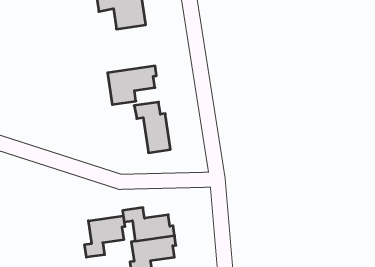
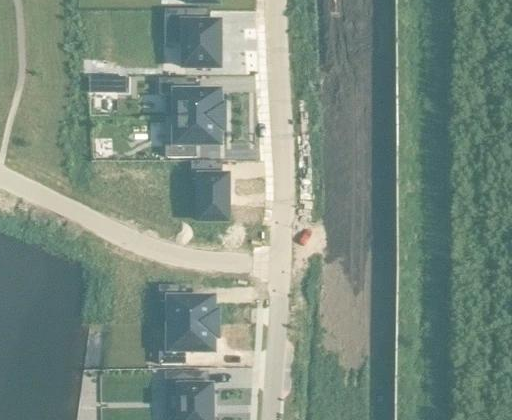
building: none -> [161,79,225,118]
building: none -> [91,76,130,92]
building: [85,216,125,257] -> none

